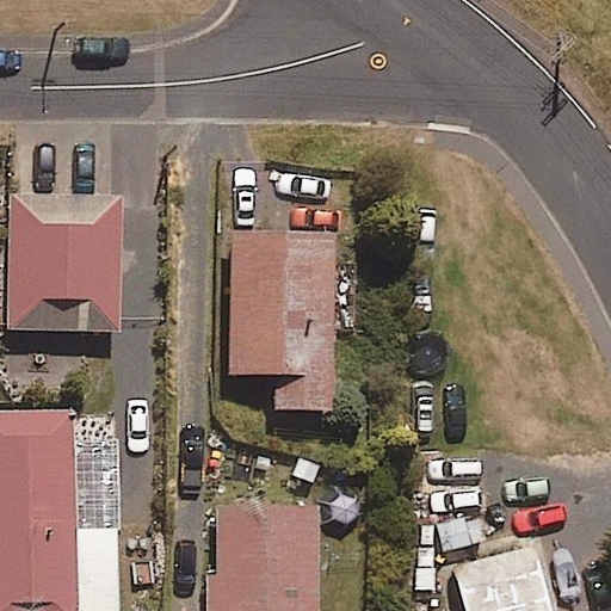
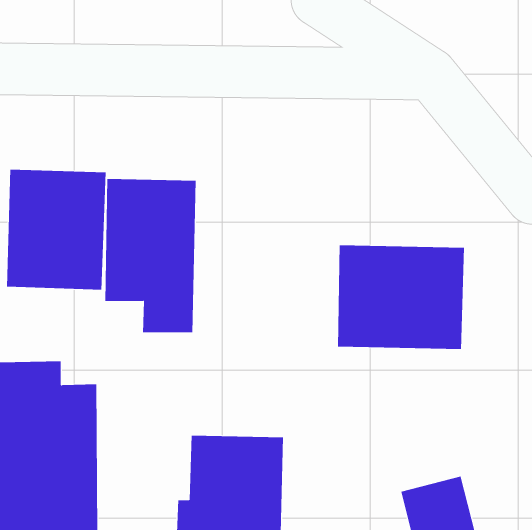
building: [230,232,335,408] -> [105,178,196,333]
building: none -> [338,245,464,350]

